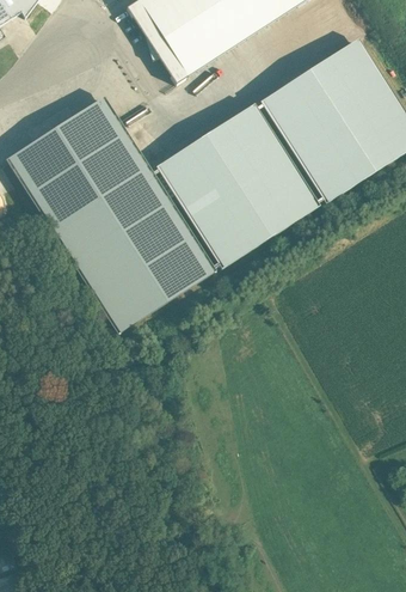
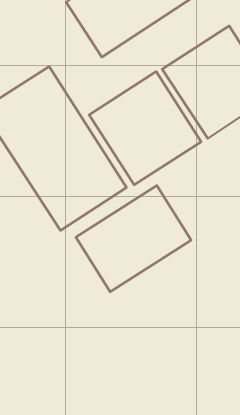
building: none -> [76,185,191,292]

